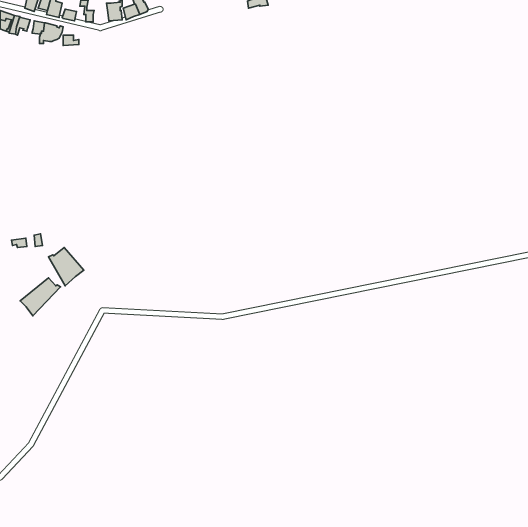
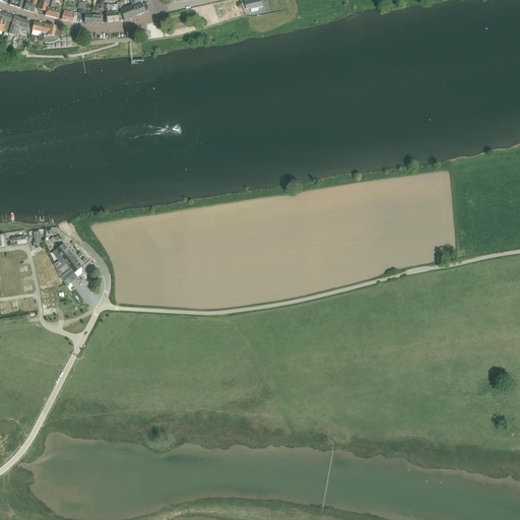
building: [20,278,60,316] -> none

